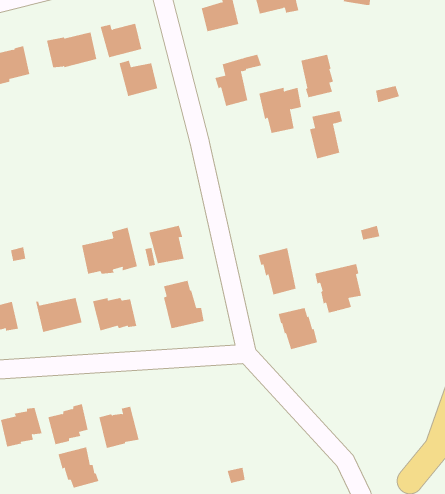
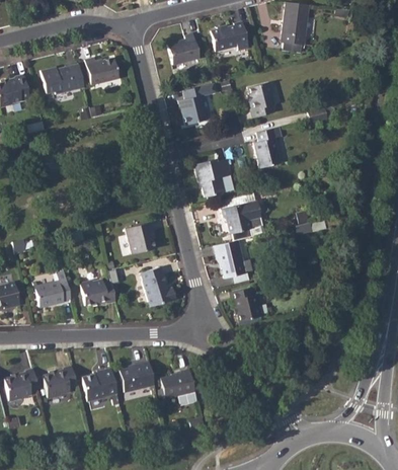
building: [119,60,158,97] -> none
building: [258,87,302,133] -> [195,159,231,197]
building: [82,227,138,274] -> none
building: [314,263,362,313] -> [219,201,257,241]
building: none -> [120,362,154,393]
building: none -> [159,369,197,405]
building: [58,447,99,489] -> none

